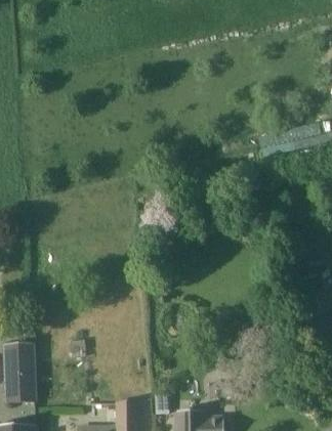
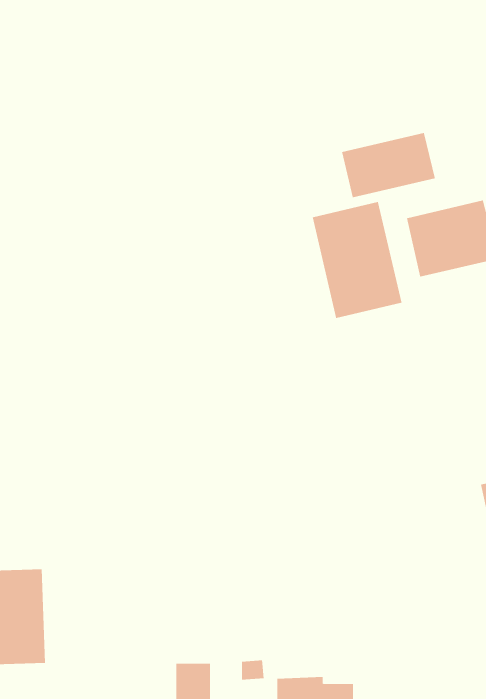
building: none -> [341,132,435,198]
building: none -> [312,201,402,319]

